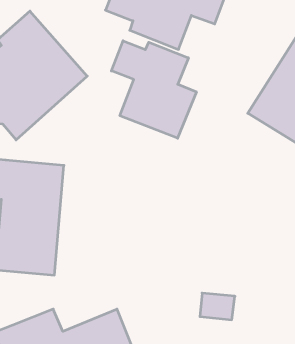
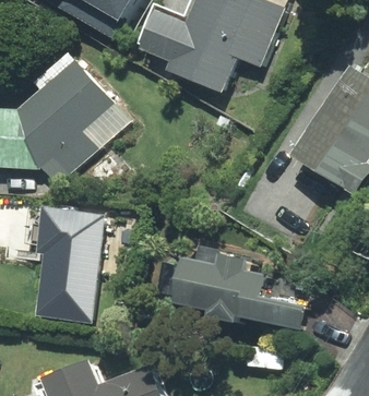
building: [111,41,196,138] -> none
building: none -> [179,257,316,329]

